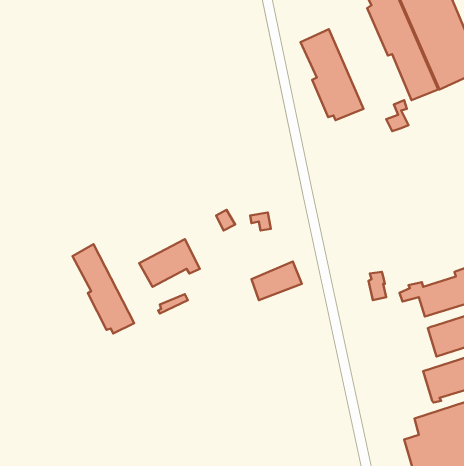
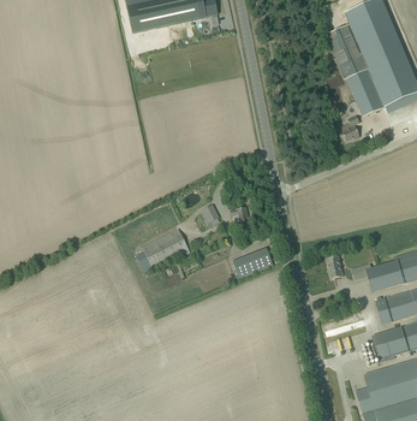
building: [301,29,364,120] -> none
building: [72,244,134,333] -> none

